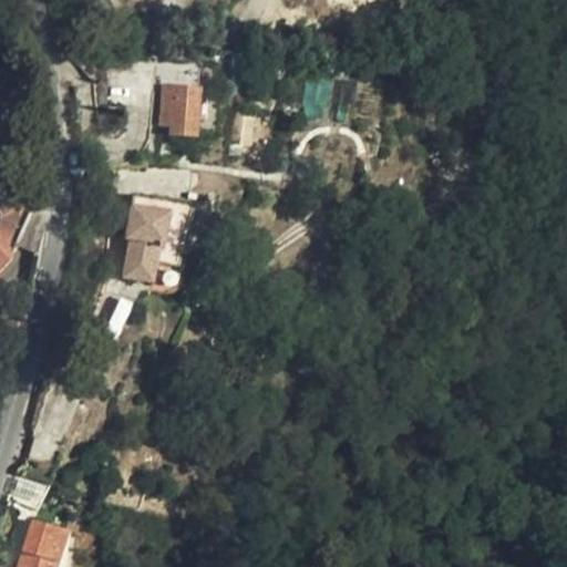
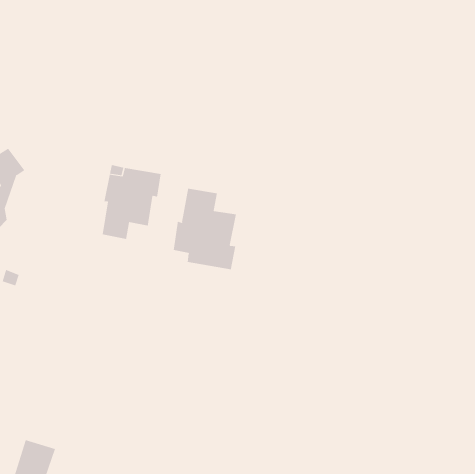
building: [154,66,197,140] -> none
building: none -> [173,188,236,270]

